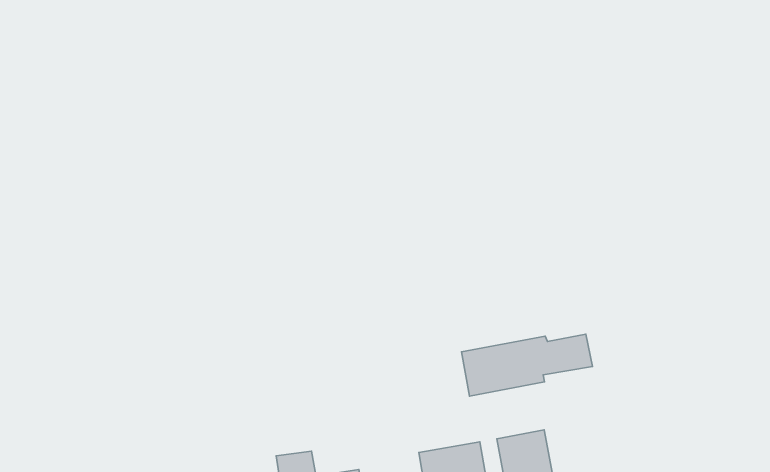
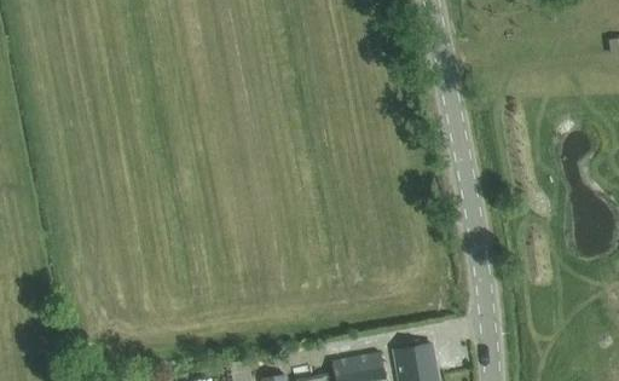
building: [462,334,592,396] -> none

